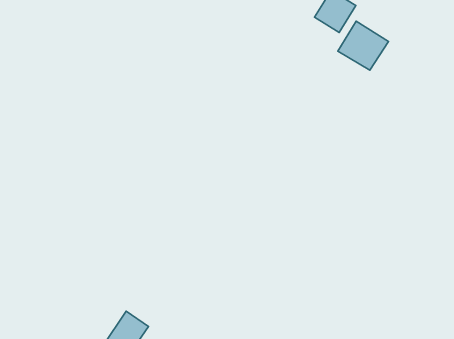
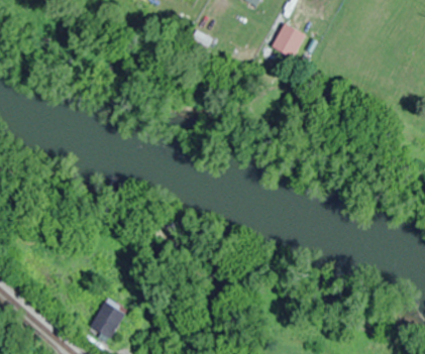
building: [338,21,388,70] -> none

